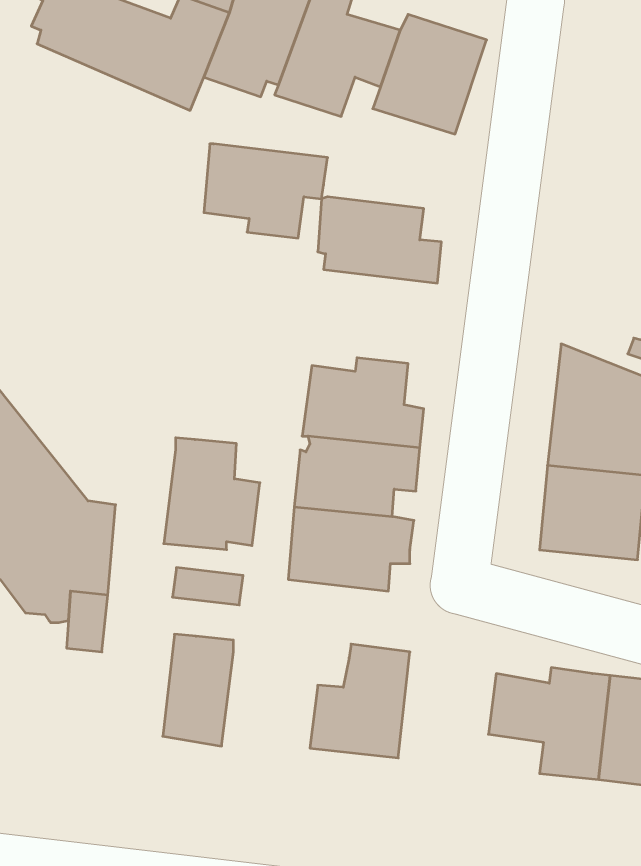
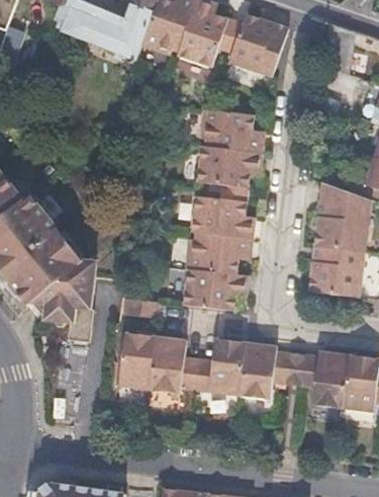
building: [204,144,328,238] -> [197,145,261,193]
building: [164,438,260,550] -> [150,336,199,394]
building: none -> [241,342,291,400]

